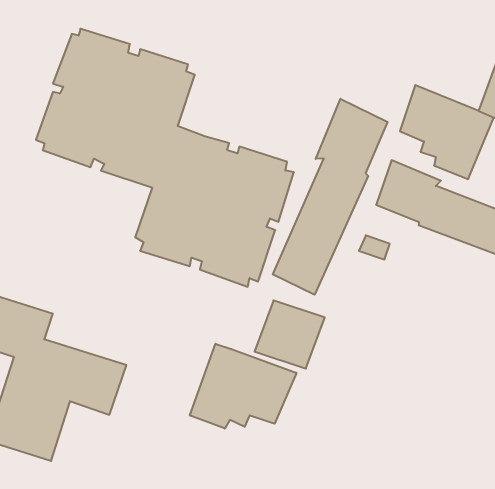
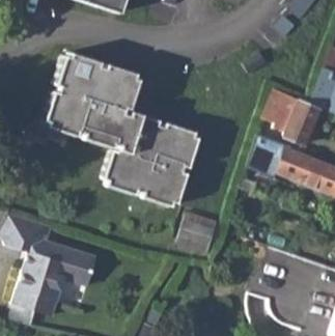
building: [273,99,388,295] -> none
building: [190,344,296,429] -> none

